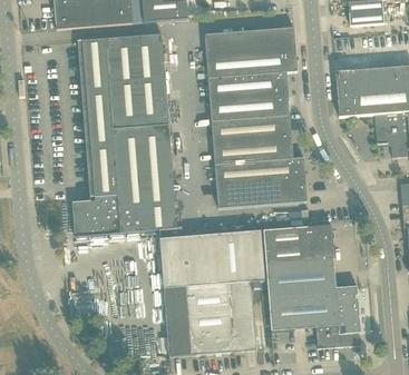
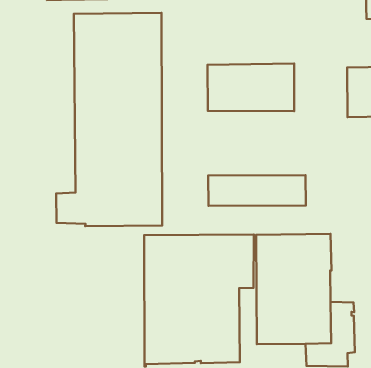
building: [204,27,296,78] -> none
building: [211,115,304,179] -> none

